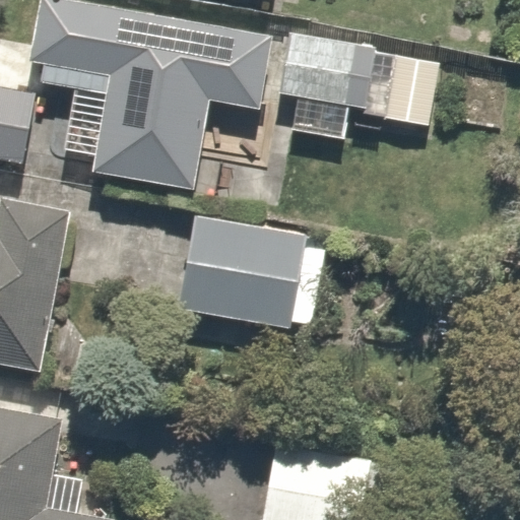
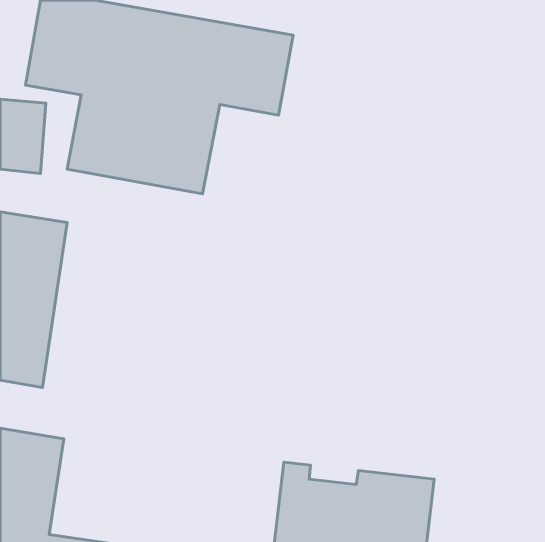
building: [274,29,376,141] -> none
building: [180,214,317,331] -> none

